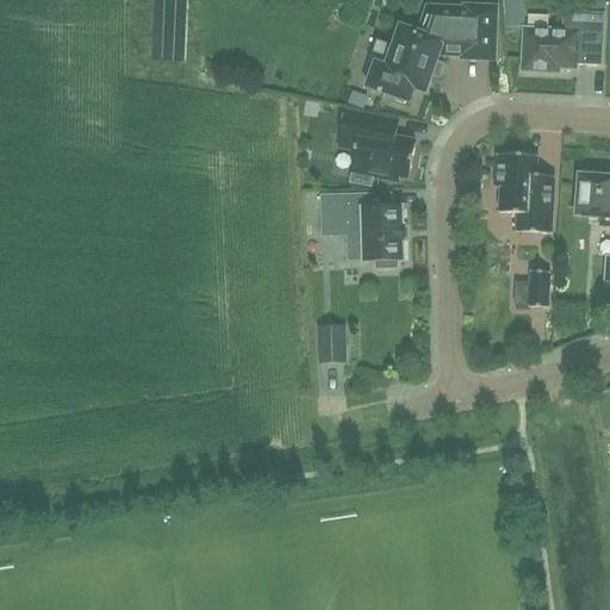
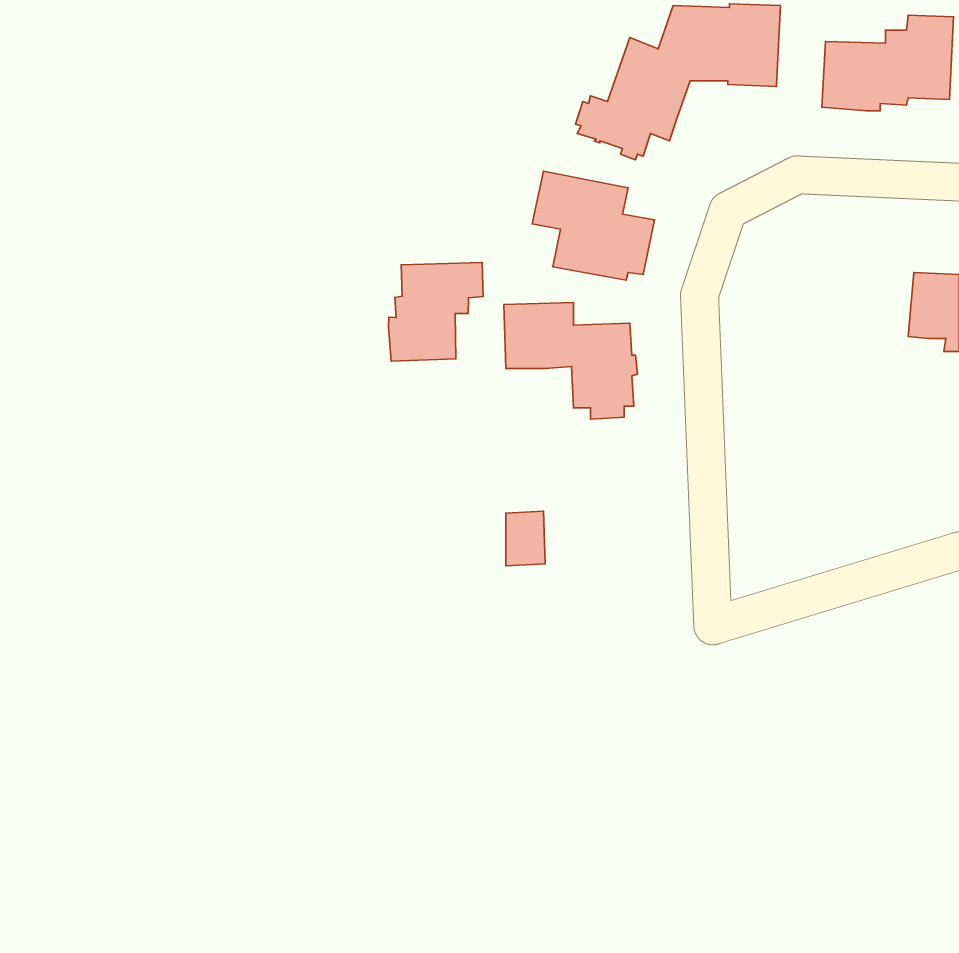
building: [493,151,554,231] -> none
building: none -> [389,263,483,361]
building: [528,268,549,305] -> none

